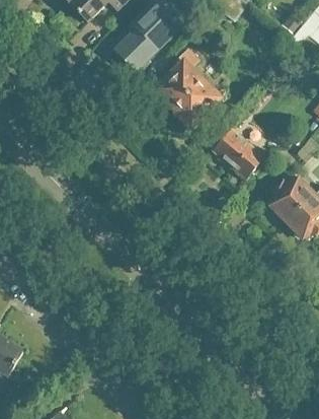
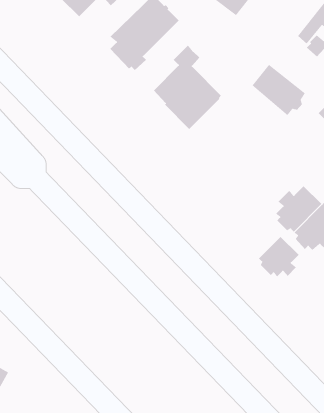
building: [214,130,264,179] -> [251,64,306,116]
building: none -> [258,236,299,277]

